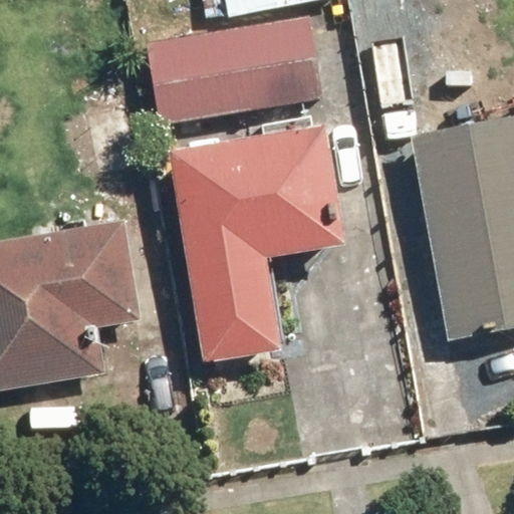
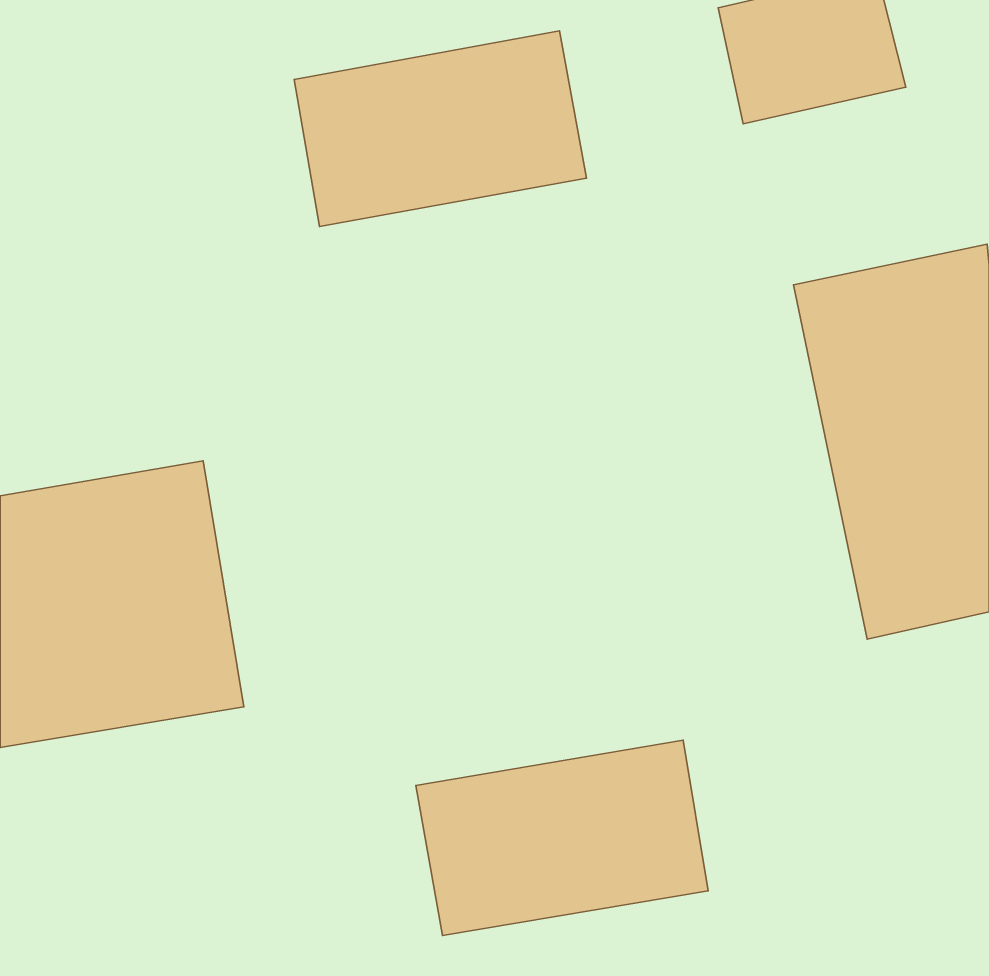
building: [172,148,328,347] -> none
building: none -> [416,740,708,935]

